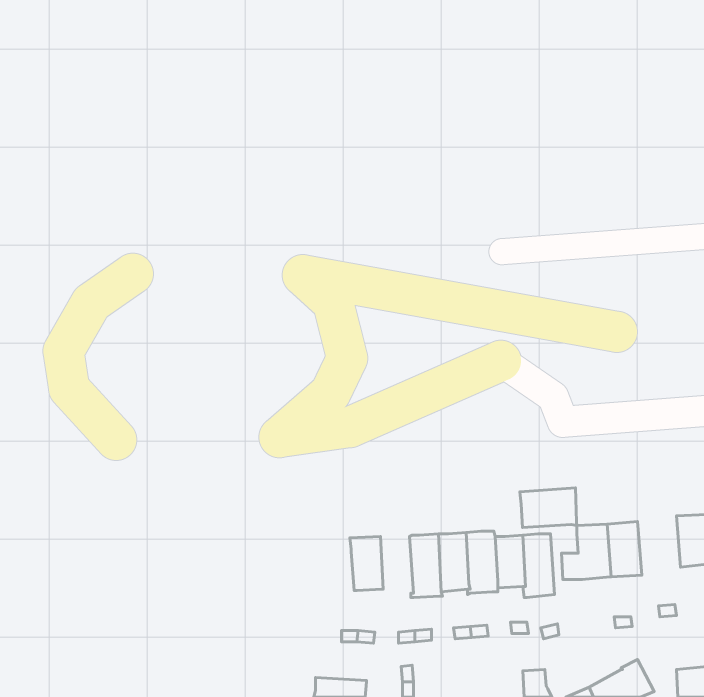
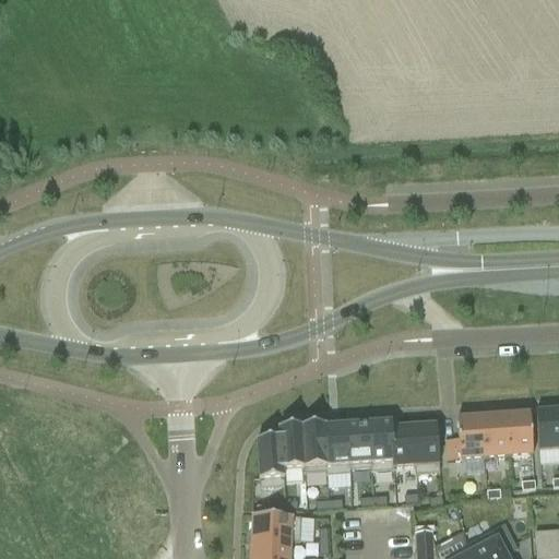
building: [520,488,577,528] -> none
building: none -> [506,411,533,454]
building: none -> [302,421,329,471]
building: none -> [258,436,285,485]
building: none -> [251,512,301,539]

